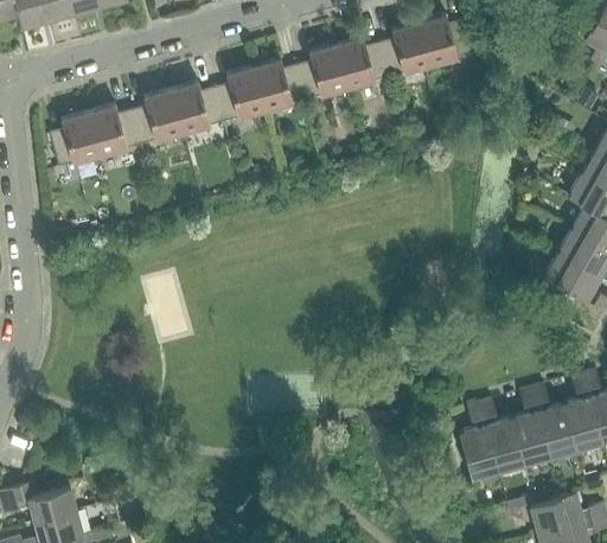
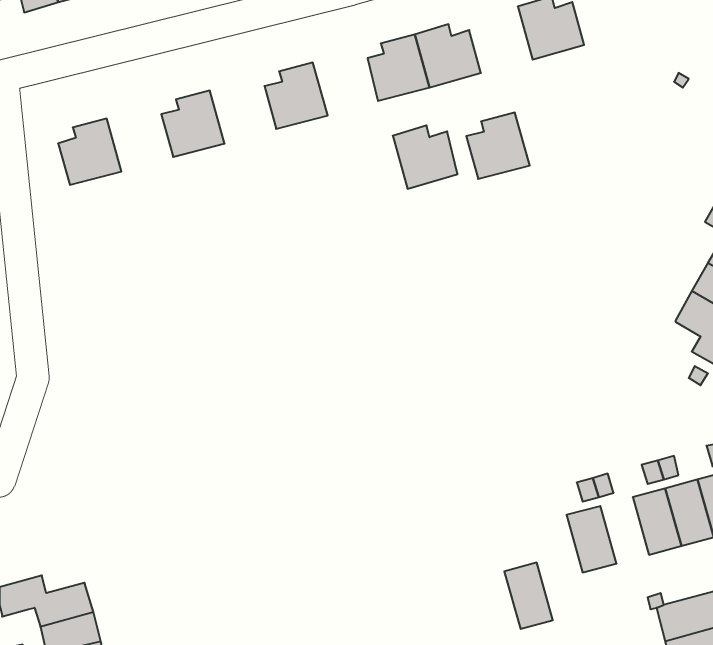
building: [379,24,430,77] -> [466,113,530,179]
building: [254,60,306,111] -> [393,125,458,189]
building: [171,83,224,134] -> none
building: [88,107,141,156] -> none
building: [485,419,524,472] -> [504,563,553,629]

